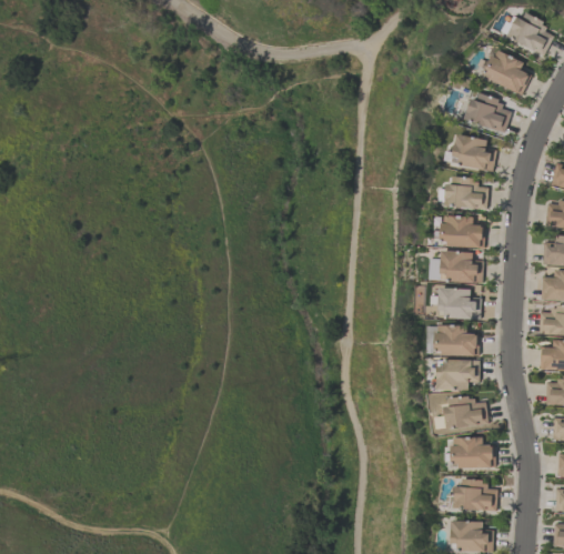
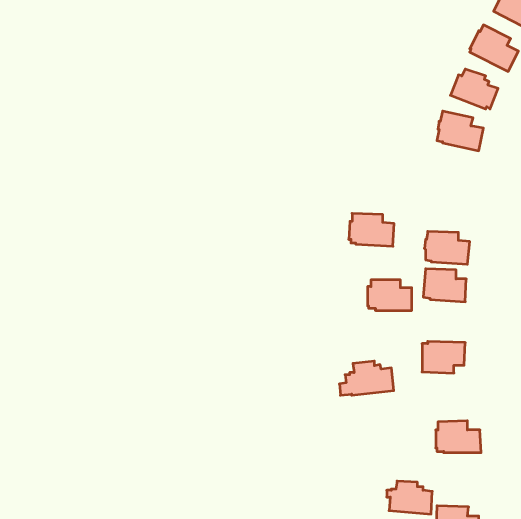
building: [445,177,489,210] -> none
building: [441,216,485,249] -> [349,213,394,246]
building: [435,326,479,356] -> [368,280,412,310]
building: [434,396,487,430] -> [339,361,394,395]
building: [452,480,496,512] -> [387,481,432,514]

